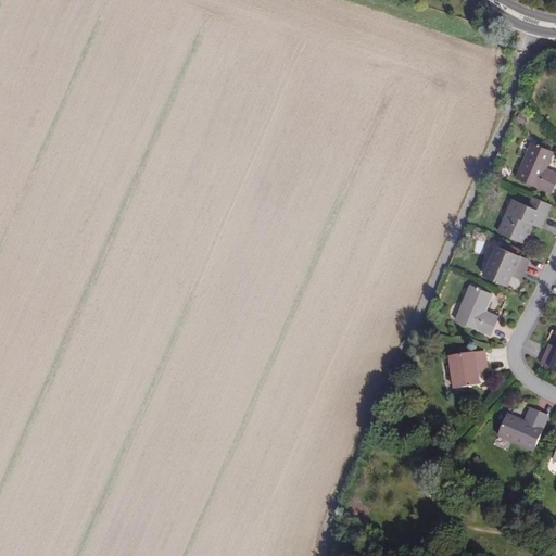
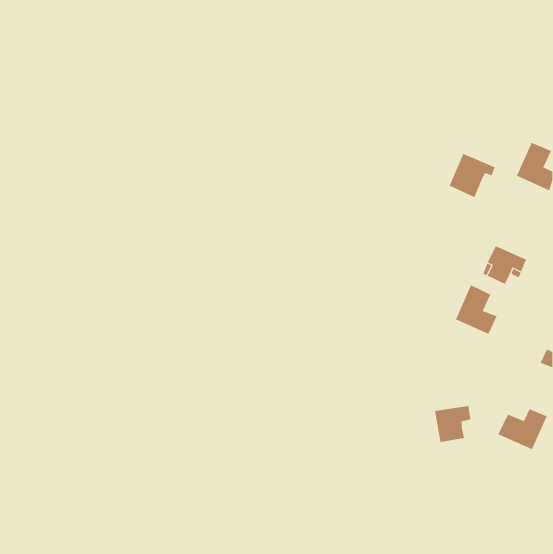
building: [497,199,544,243] -> [449,153,495,198]
building: [448,351,485,388] -> [434,405,471,442]

